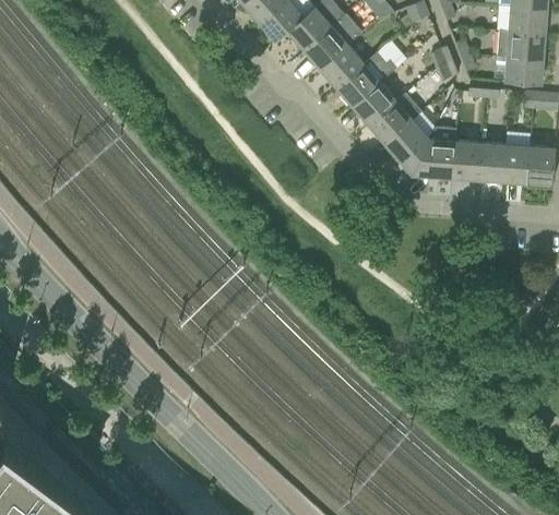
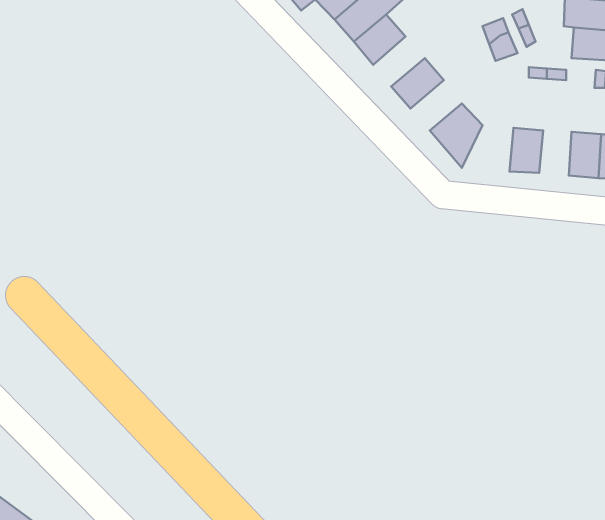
building: [335,51,394,105] -> none
building: [367,91,421,142] -> none
building: [411,137,454,177] -> none
building: [476,142,503,180] -> none

